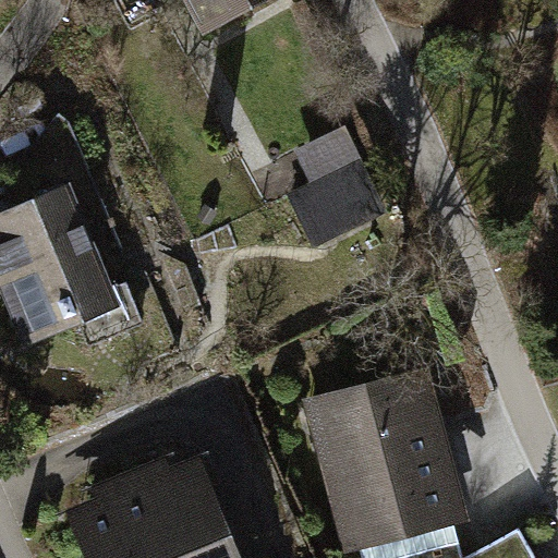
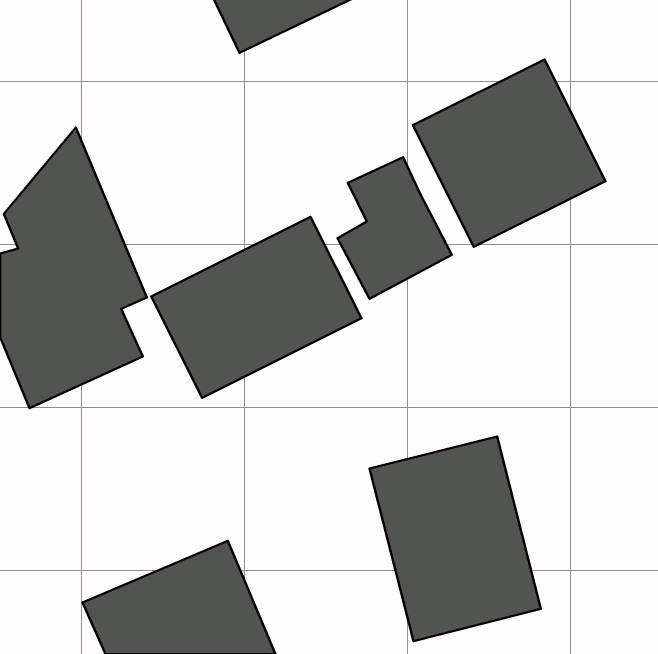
building: none -> [413,60,605,247]
building: none -> [151,217,362,398]

